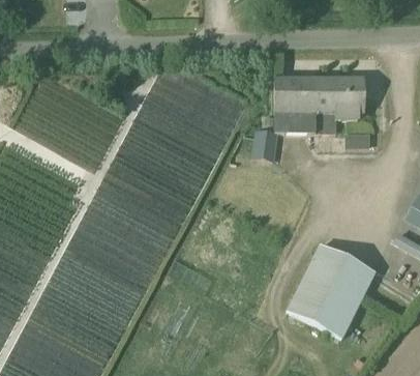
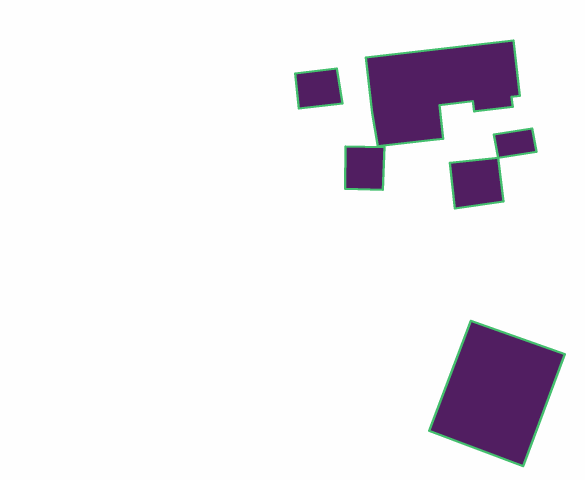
building: none -> [295,68,342,109]
building: none -> [450,158,503,208]

